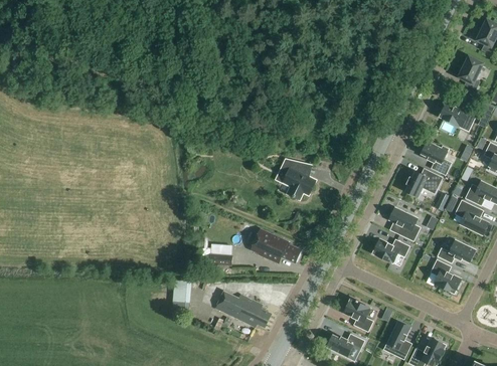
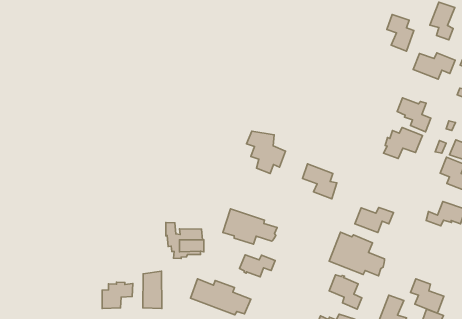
building: none -> [387,14,414,51]
building: [388,206,420,240] -> [302,164,337,199]
building: none -> [329,232,385,276]
building: [431,259,461,293] -> [410,279,444,313]
building: none -> [240,255,275,277]
building: none -> [102,282,133,308]

